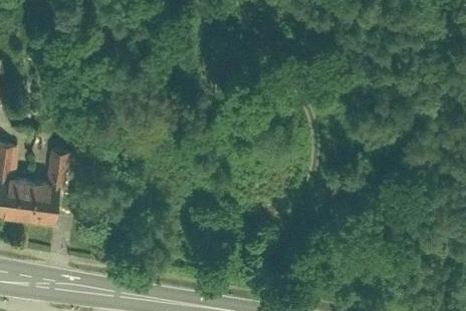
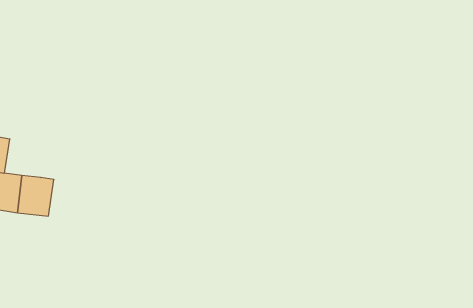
building: [46,152,67,186] -> none

